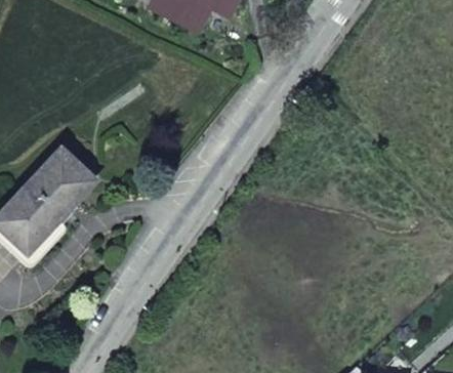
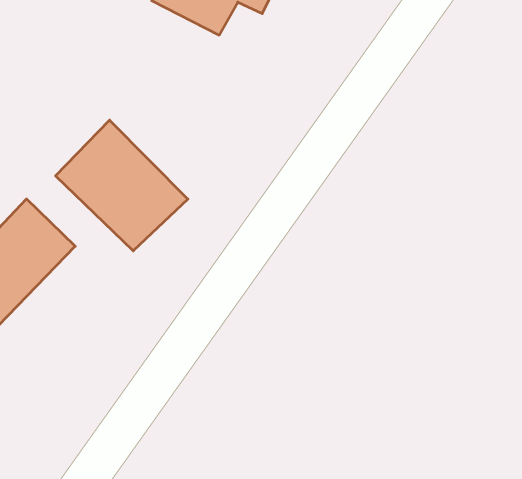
building: none -> [56,120,188,251]

